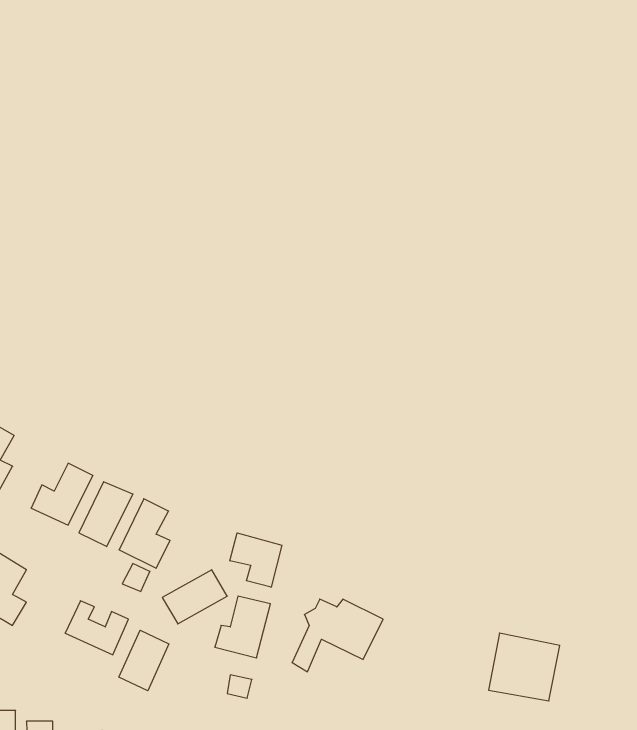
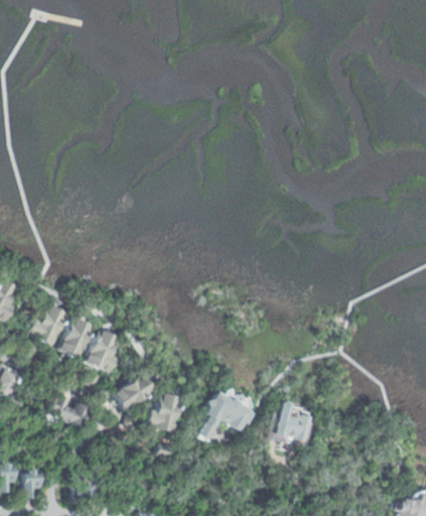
building: [230,533,282,587] -> none
building: [119,630,169,691] -> none
building: [489,633,560,701] -> [269,402,315,446]

